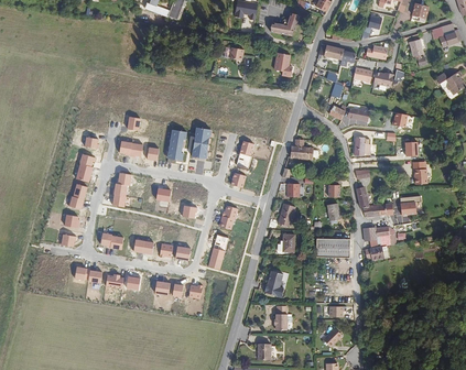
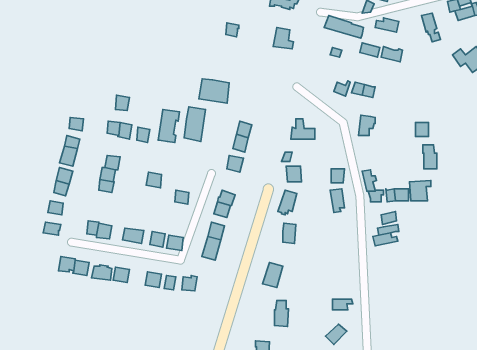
building: none -> [199,79,229,103]
building: [318,239,353,258] -> none

